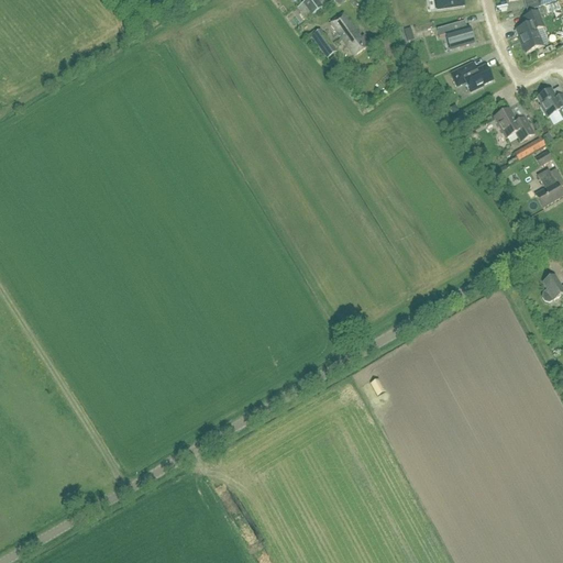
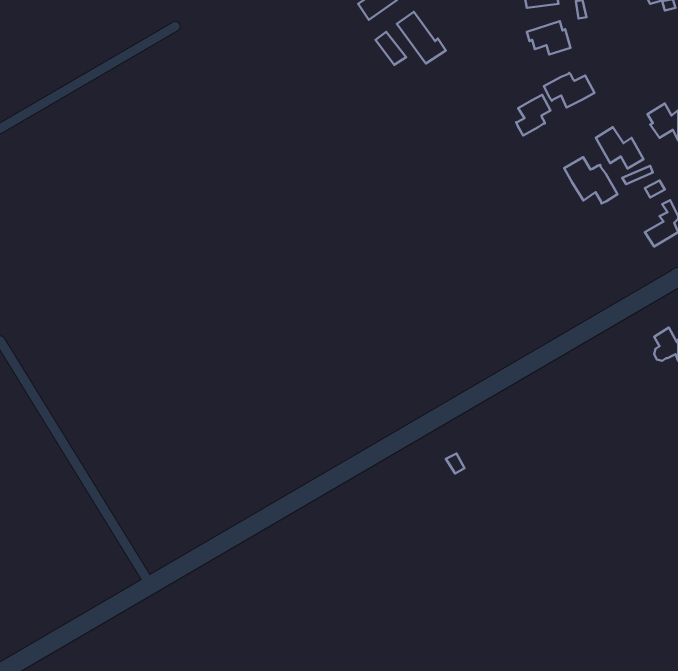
building: [516,9,543,49] -> none
building: none -> [516,95,550,135]
building: none -> [564,157,618,203]

